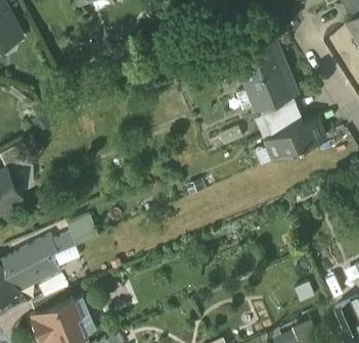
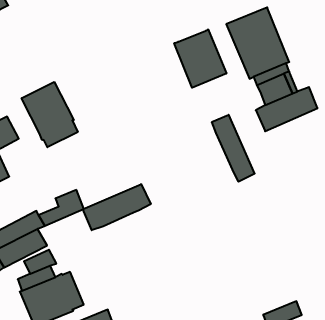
building: none -> [174,29,226,88]
building: none -> [22,82,78,147]
building: none -> [212,115,255,182]
building: none -> [83,184,151,230]

